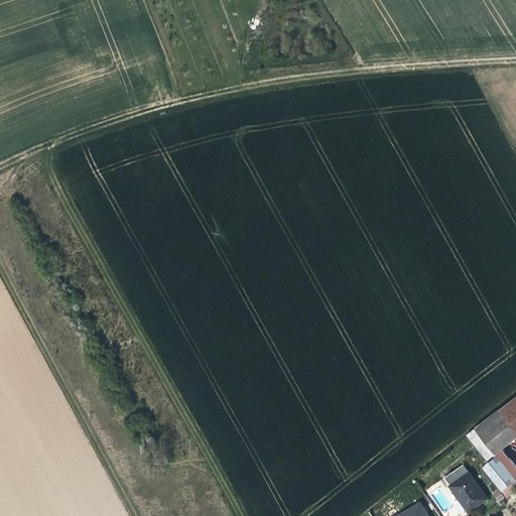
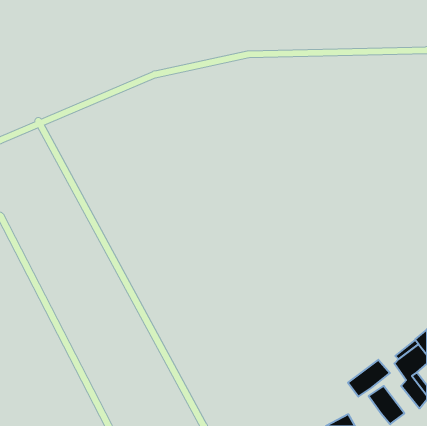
building: none -> [348,360,390,397]

